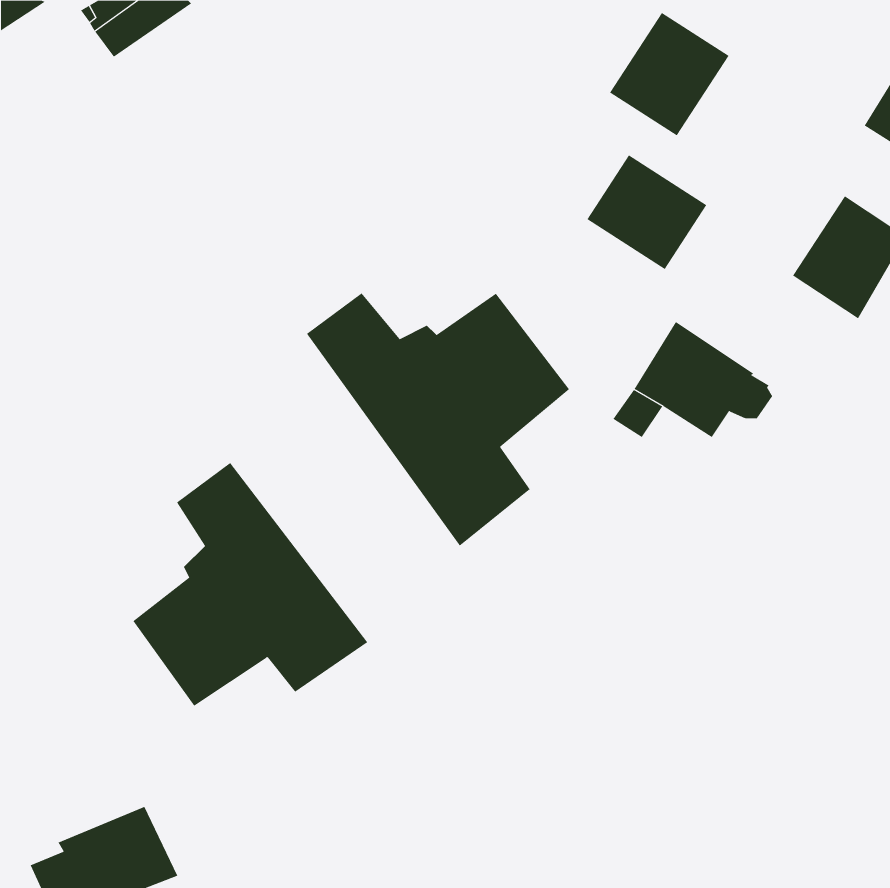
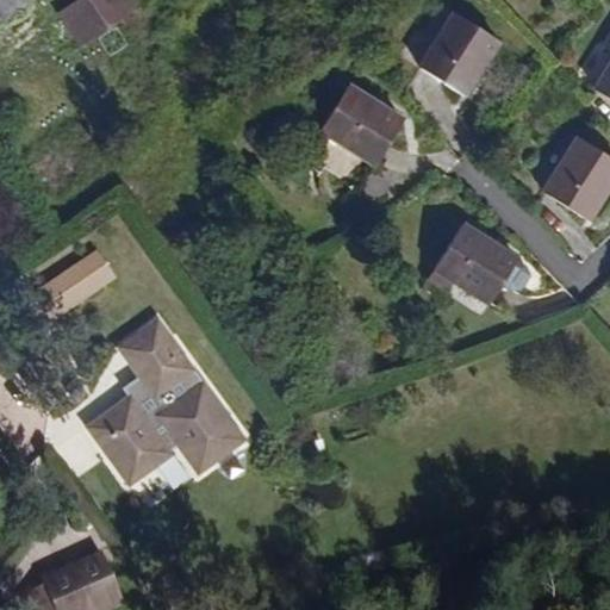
building: [587,155,707,270] -> [319,83,402,162]
building: [306,293,570,546] -> none
building: none -> [57,253,119,310]

